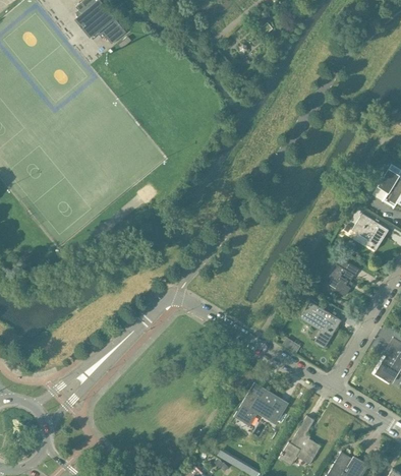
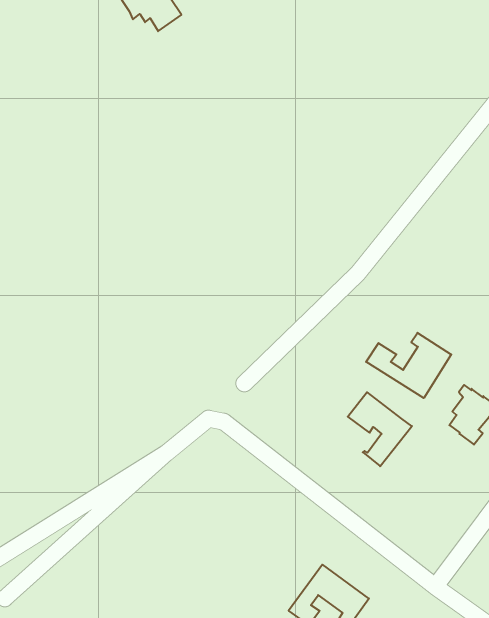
building: none -> [366,333,451,398]
building: [299,301,342,349] -> [348,392,412,466]

